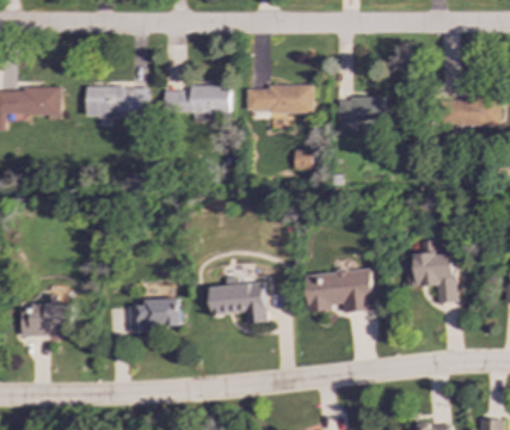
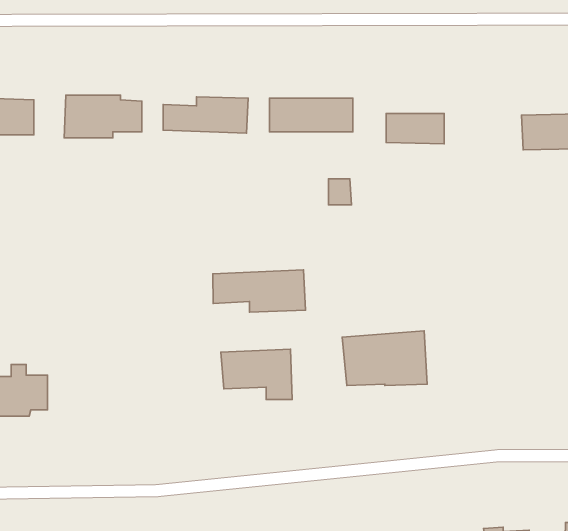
building: none -> [213,270,305,312]
building: [404,253,455,302] -> none
building: [128,297,180,331] -> none

